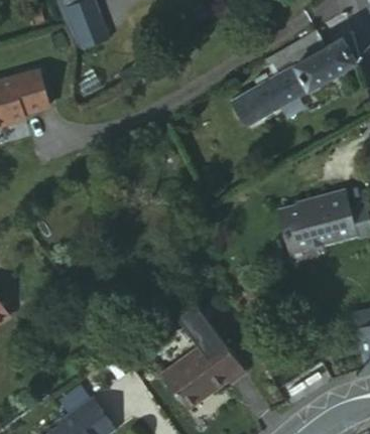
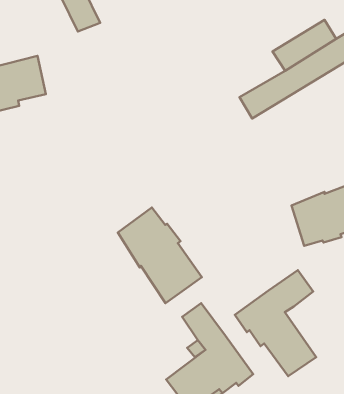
building: none -> [118,207,202,303]
building: none -> [235,270,316,376]

